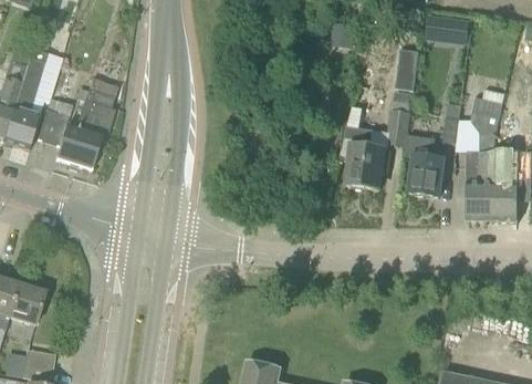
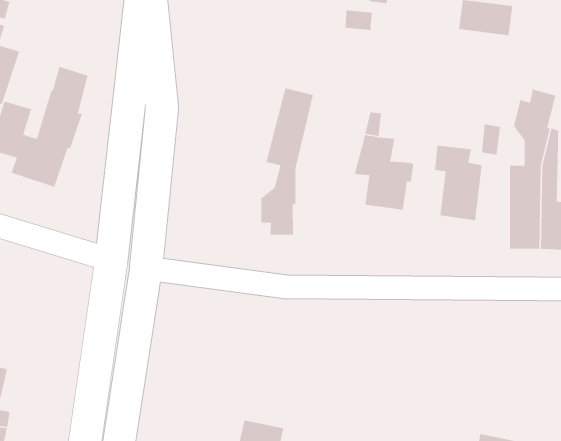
building: [394,49,418,91] -> none
building: none -> [260,88,314,236]
building: [386,108,409,145] -> none

